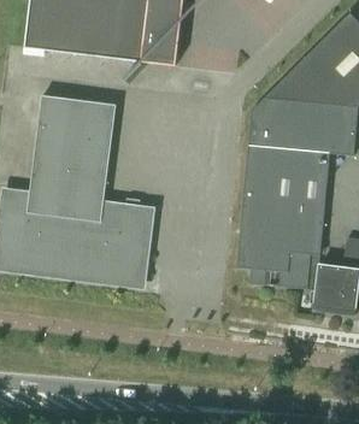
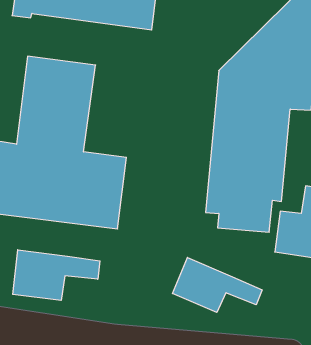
building: none -> [13,250,100,300]
building: none -> [173,257,262,312]

